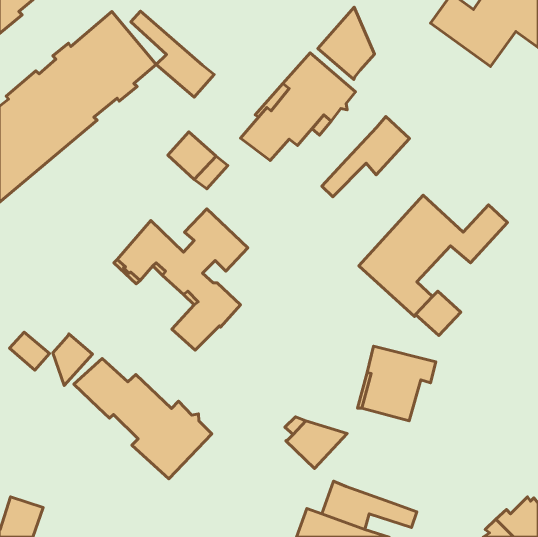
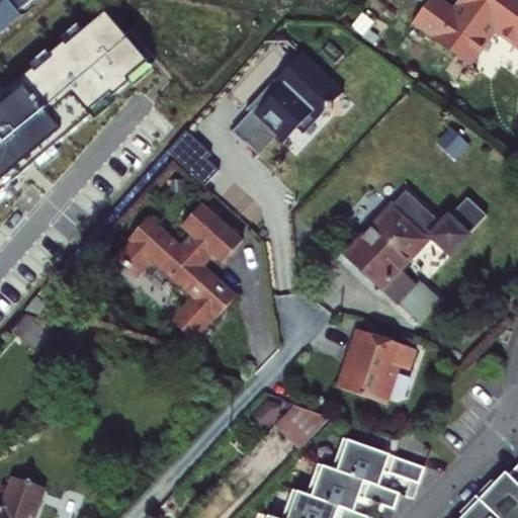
building: [318,7,375,80] -> none
building: [131,11,214,97] -> none
building: [322,116,410,197] -> none
building: [53,334,92,386] -> none
building: [74,359,212,479] -> none
building: none -> [332,436,425,482]

